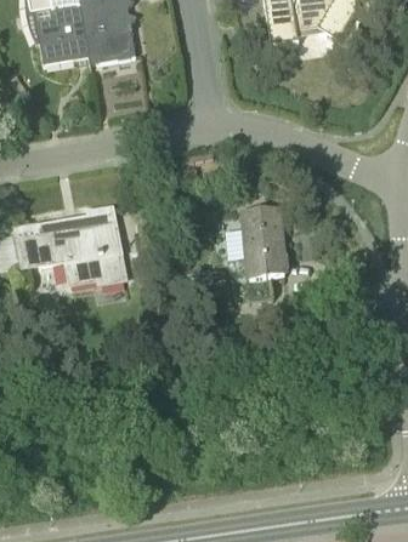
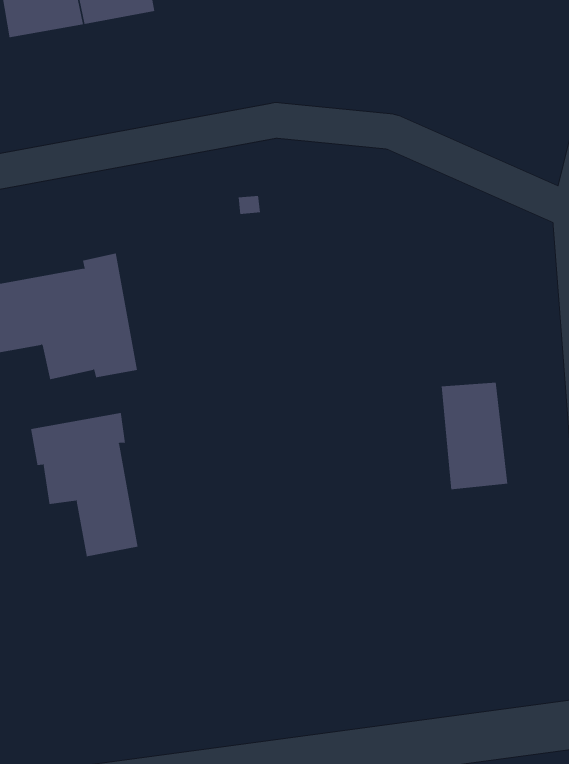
building: [243,206,285,274] -> [441,382,508,490]
building: none -> [30,412,138,557]

